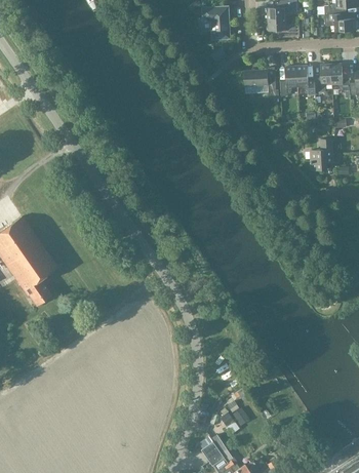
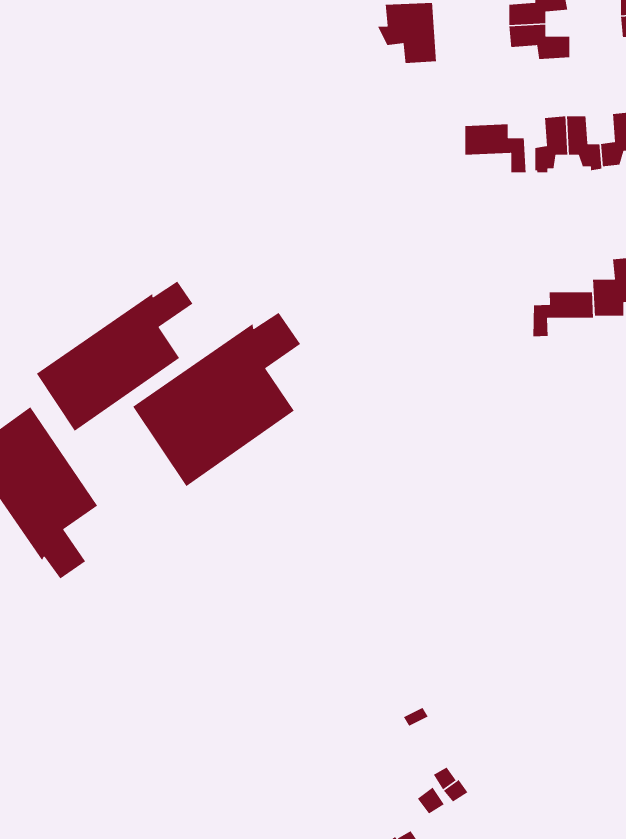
building: none -> [36,281,193,432]
building: none -> [533,292,594,337]
building: none -> [132,312,301,487]

